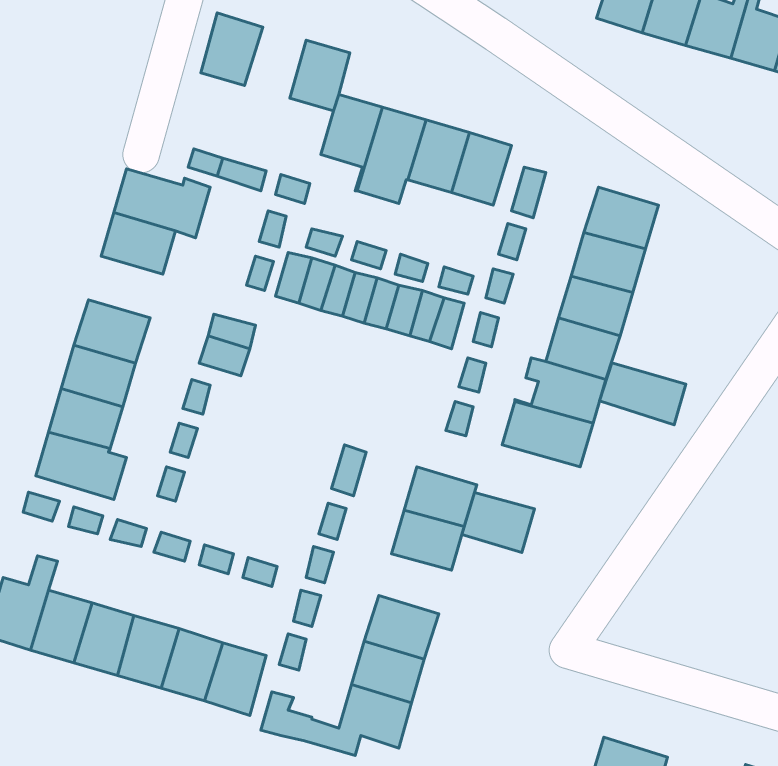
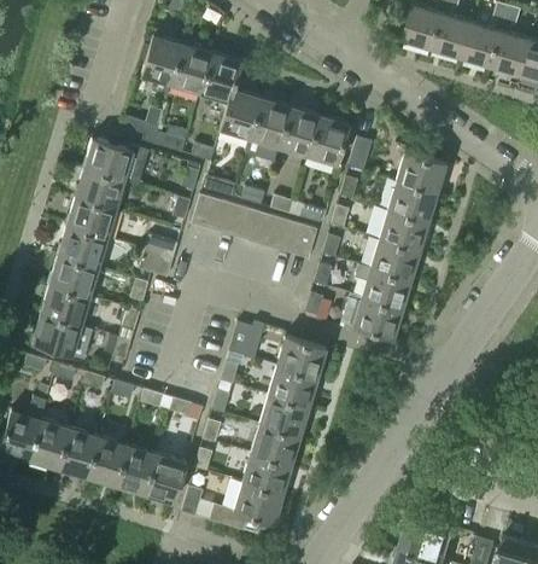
building: none -> [171,45,212,92]
building: none -> [68,197,117,238]
building: [600,363,686,425] -> none
building: [462,493,534,553] -> [261,395,309,435]

